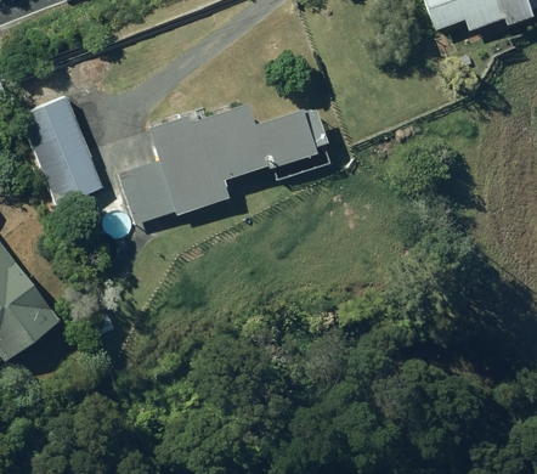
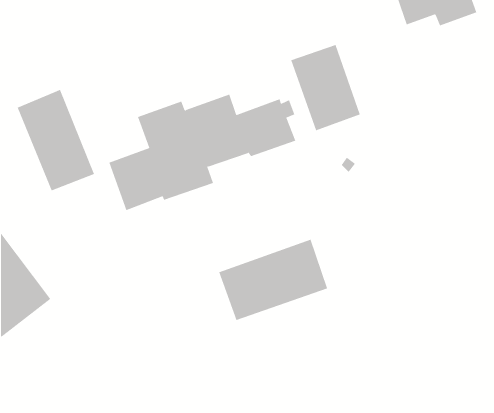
building: none -> [291,44,361,131]
building: none -> [218,239,328,321]

